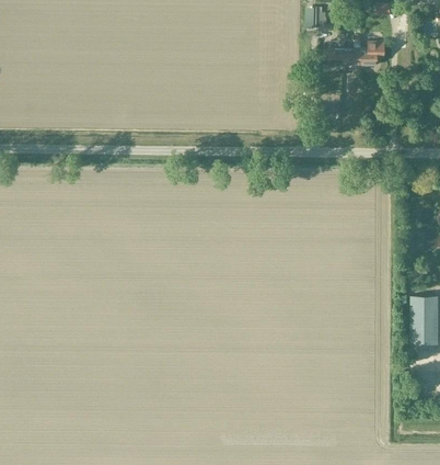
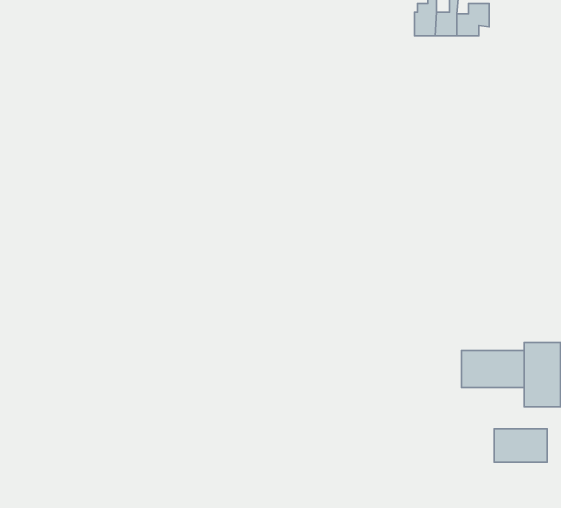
building: none -> [462,351,524,388]
building: none -> [494,429,547,462]

